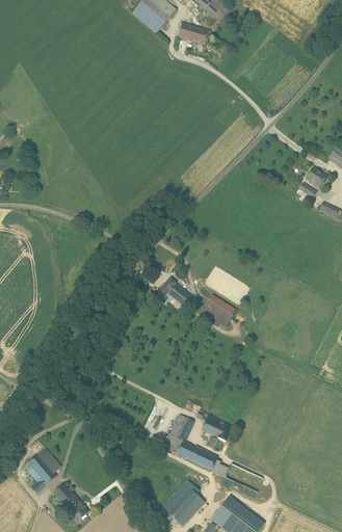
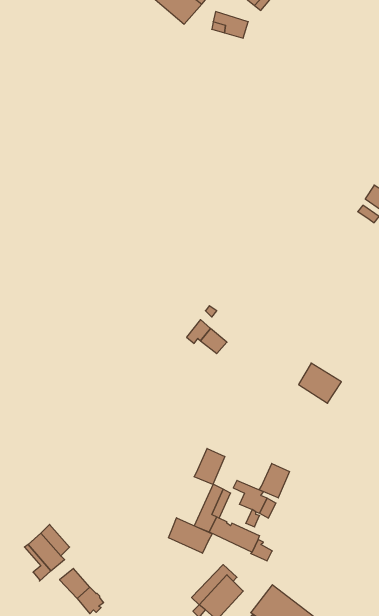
building: [202,294,237,327] -> [299,363,341,403]
building: none -> [194,448,225,484]
building: none -> [259,463,289,498]
building: none -> [168,518,212,553]

